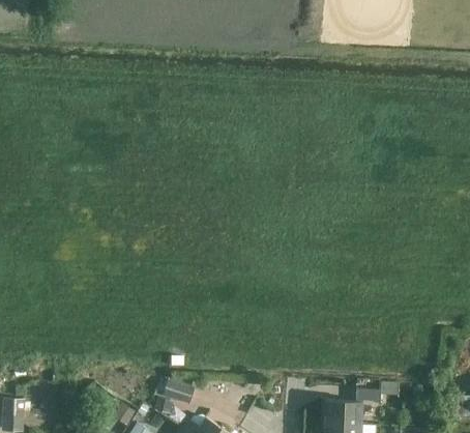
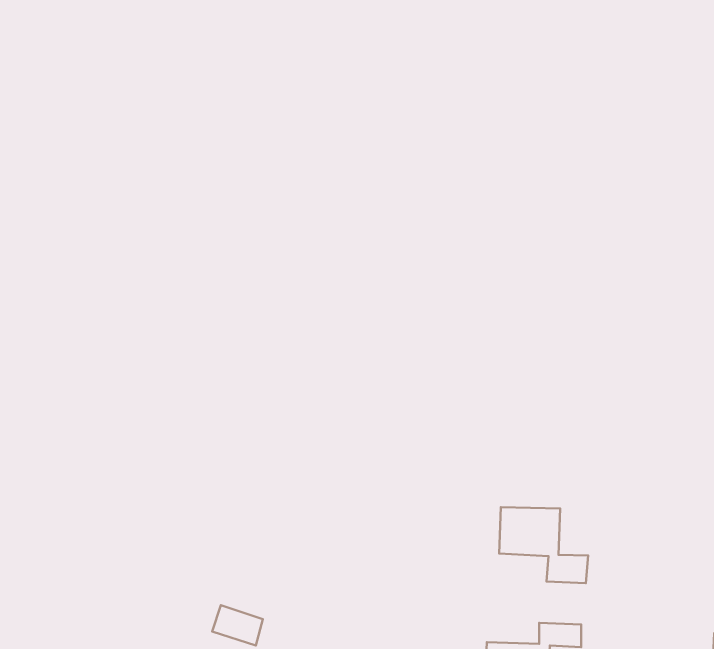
building: none -> [499,507,588,583]

